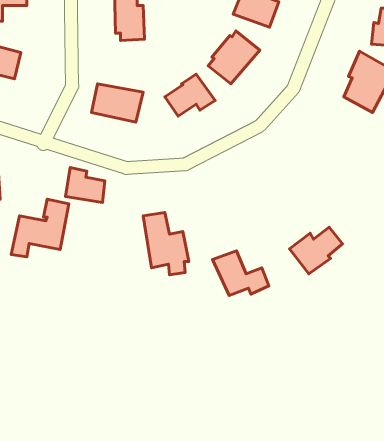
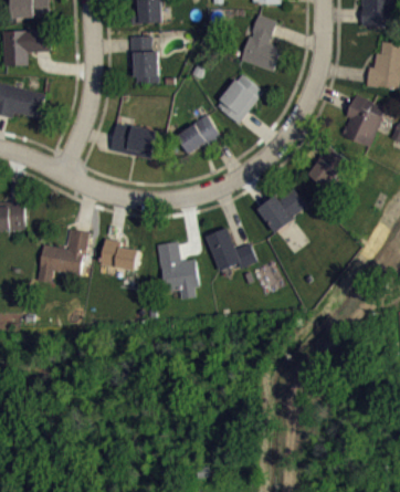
building: none -> [308,146,352,188]
building: [65,168,105,202] -> [101,238,137,270]
building: [290,227,342,274] -> [257,189,306,232]
building: [212,251,269,295] -> [204,228,256,269]

